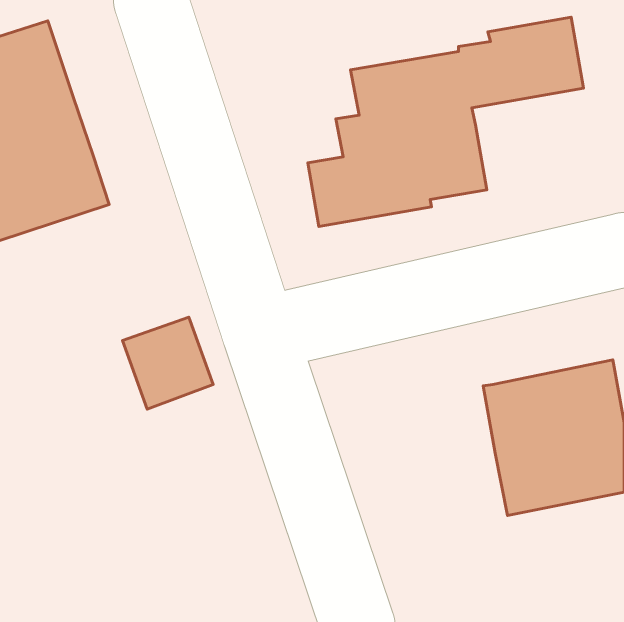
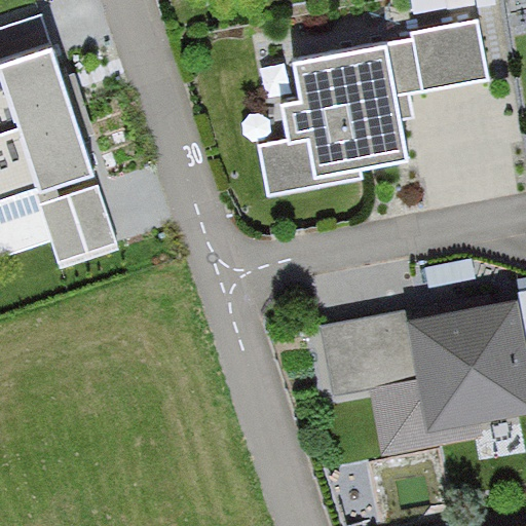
building: [123,317,213,409] -> [40,190,116,267]
building: none -> [323,314,415,398]

